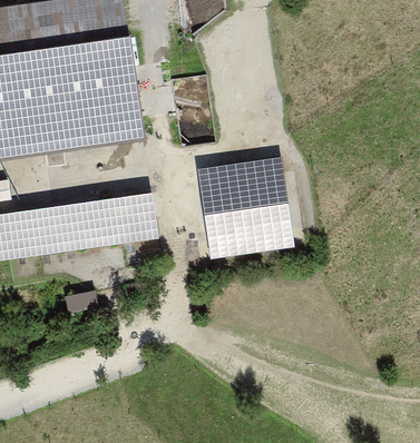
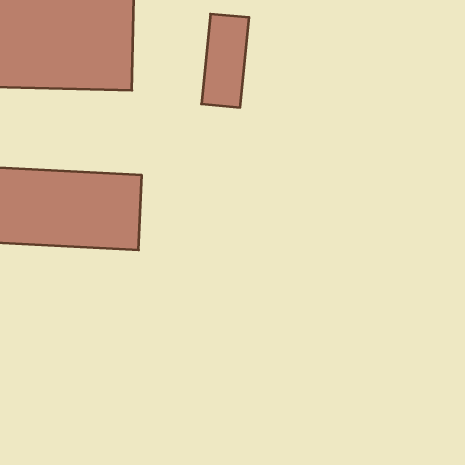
building: [197,157,287,256] -> none

